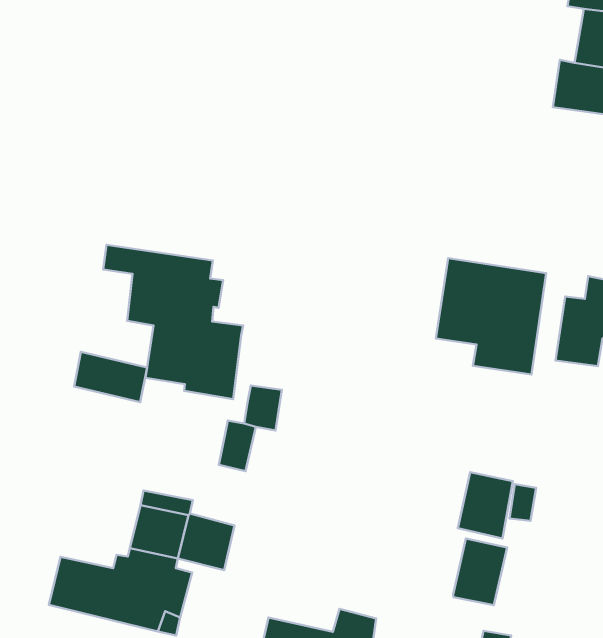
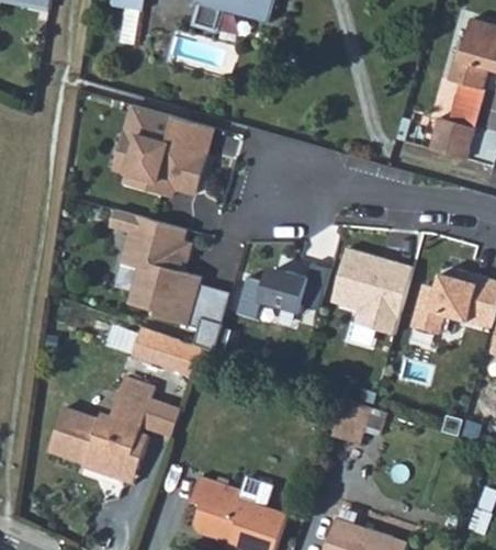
building: none -> [109,100,212,193]
building: none -> [236,262,328,317]
building: none -> [187,282,229,327]
building: [74,352,147,402] -> [127,329,179,369]
building: [453,538,507,605] -> none

